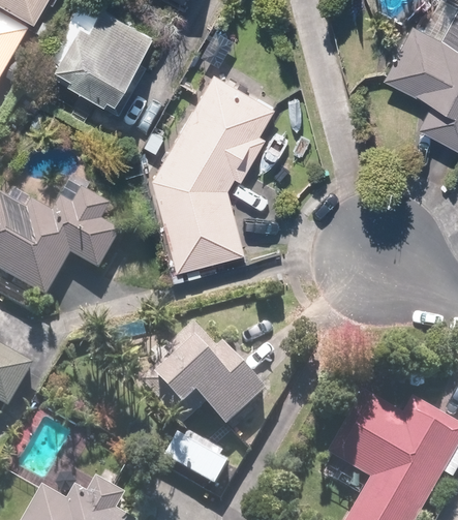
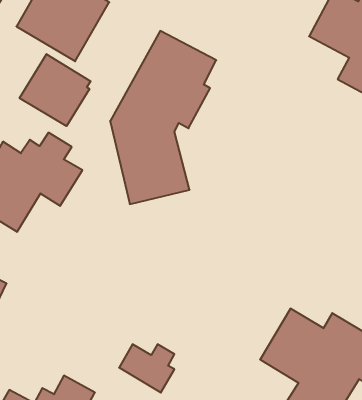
building: none -> [20,54,91,126]
building: [135,328,266,433] -> none

